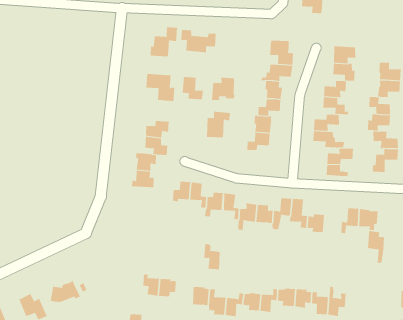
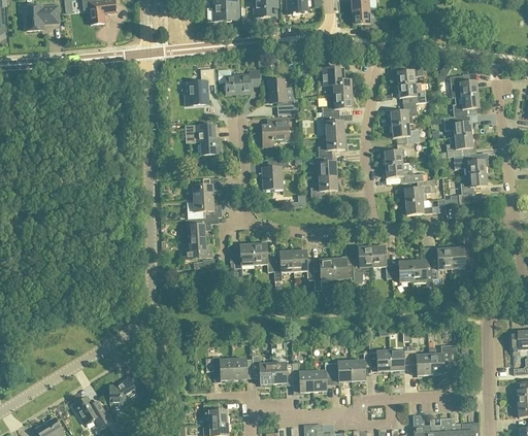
building: [182,77,204,100] -> [268,80,294,106]
building: [367,231,385,263] -> [411,260,432,296]
building: [204,243,220,270] -> [252,356,273,384]

